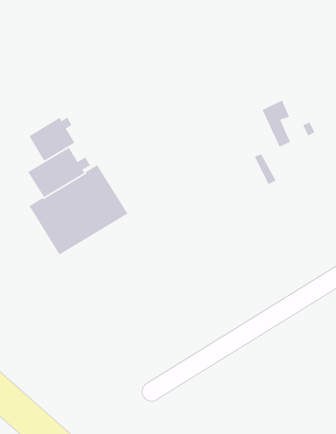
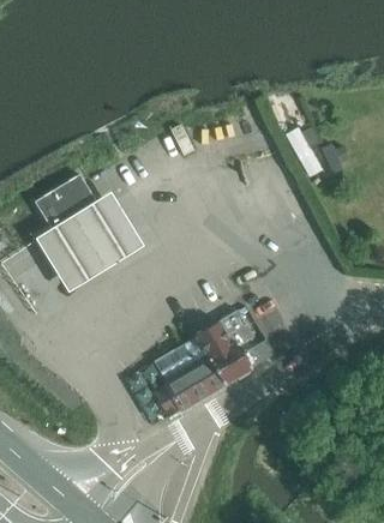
building: [28,116,75,162] -> none
building: none -> [154,309,252,415]

